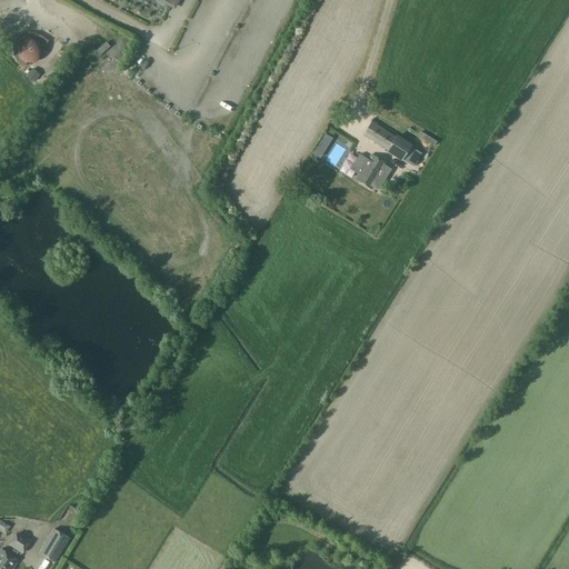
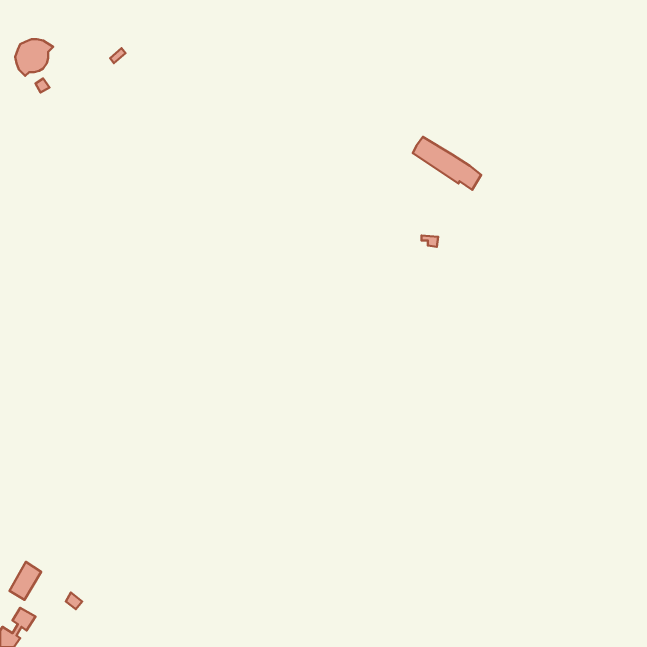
building: [350,153,392,190] -> none
building: [40,529,68,562] -> [9,562,41,600]

